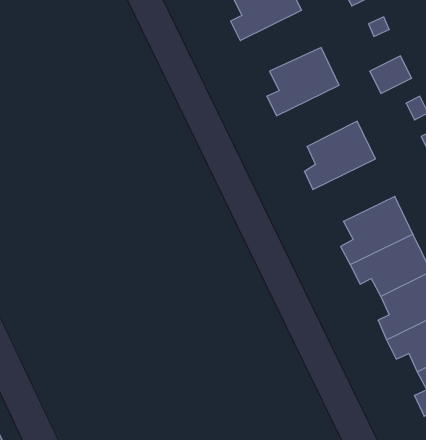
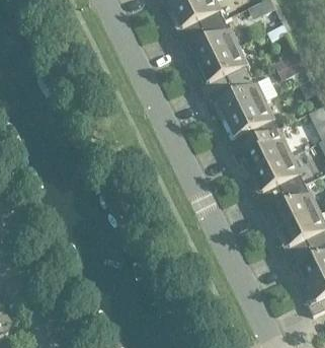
building: none -> [179,18,238,63]
building: none -> [206,73,264,118]
building: none -> [232,127,292,172]

